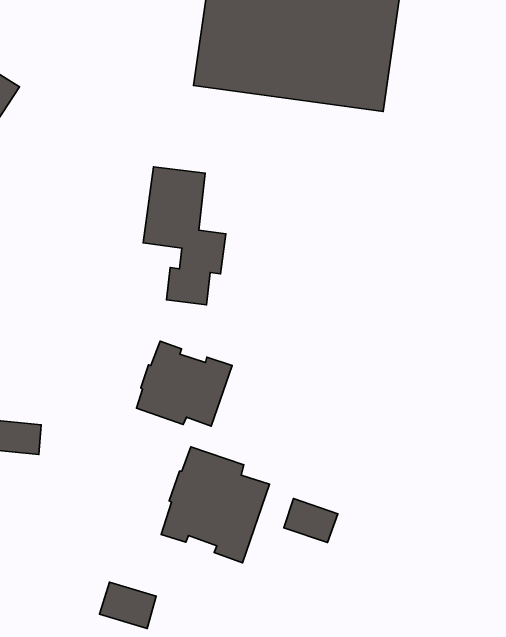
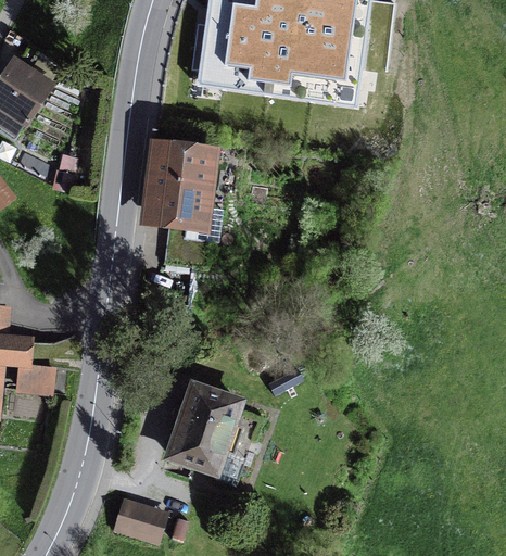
building: [136,341,232,426] -> none
building: [284,499,338,542] -> none

